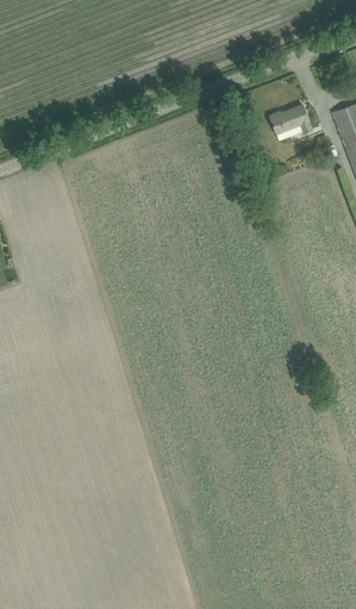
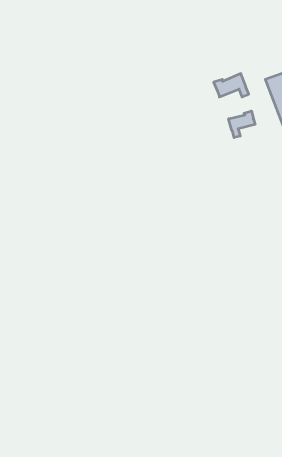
building: none -> [229,111,255,138]

